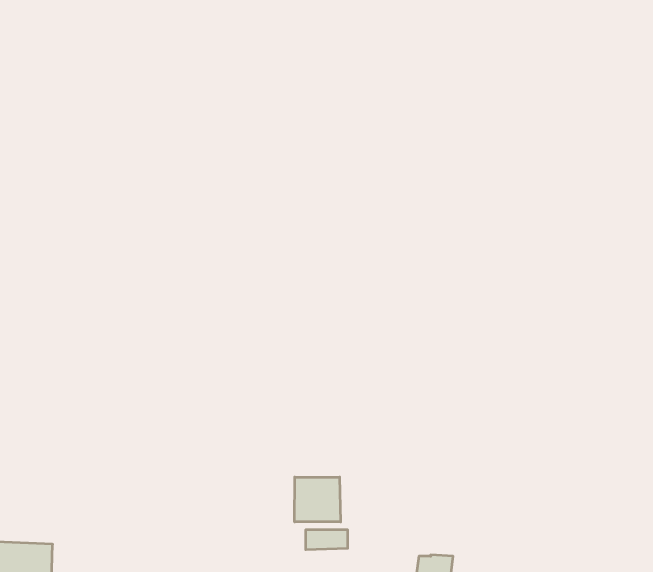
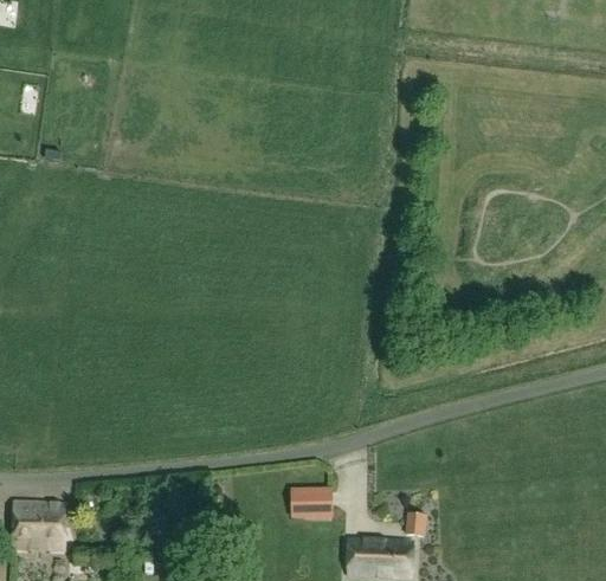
building: [295,477,341,522] -> none

